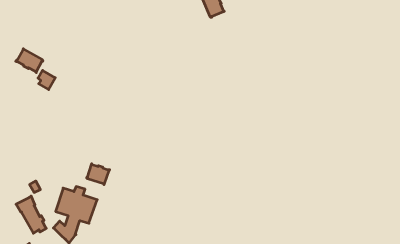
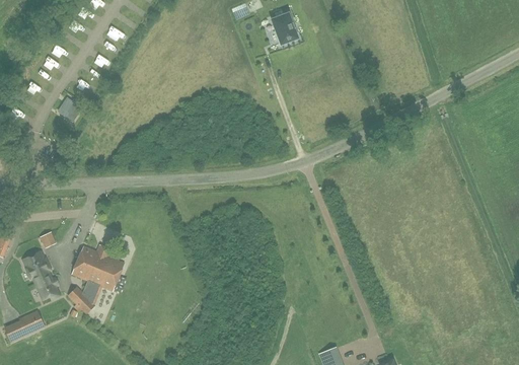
building: [16,49,43,73] -> none
building: [87,164,110,185] -> none

